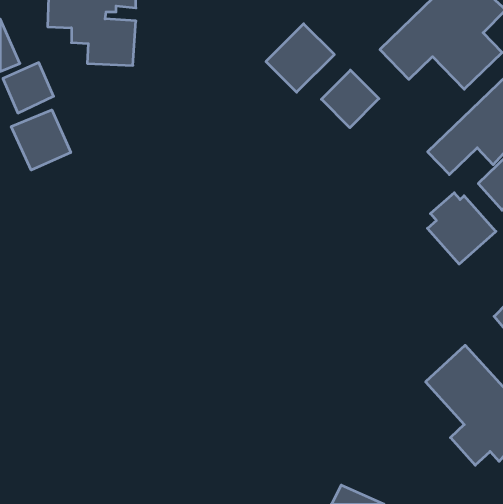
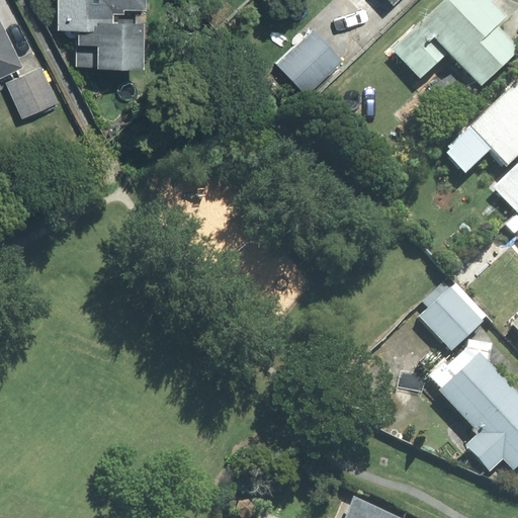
building: [321,70,379,128] -> none
building: [11,110,71,170] -> none
building: [427,193,496,264] -> [420,279,490,352]

